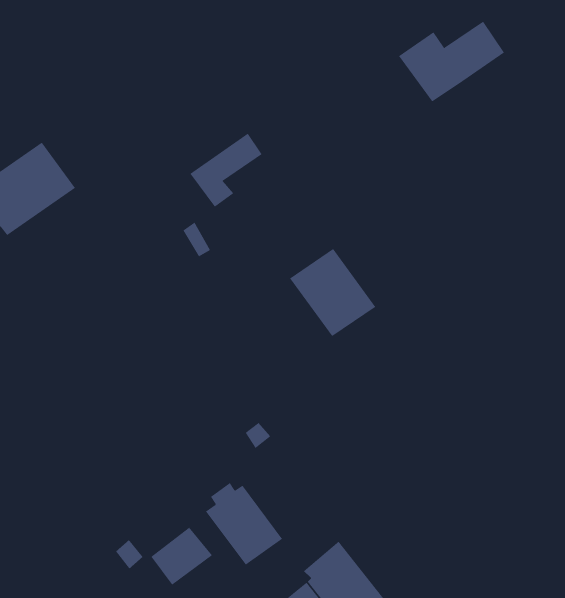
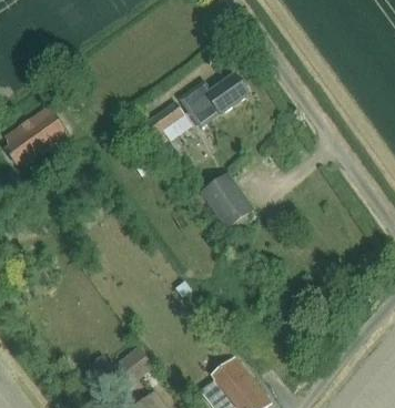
building: [398,21,505,102] -> [181,75,247,126]
building: [205,482,283,565] -> none

